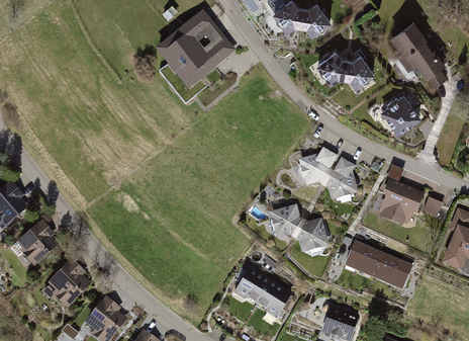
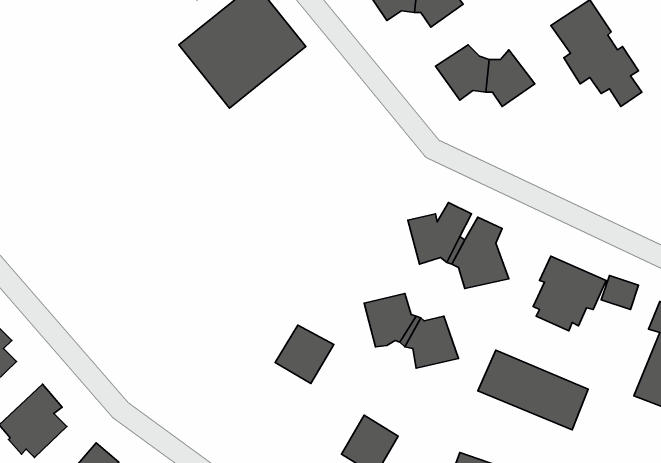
building: [380,95,419,136] -> none
building: [234,267,271,304] -> [275,325,334,383]

